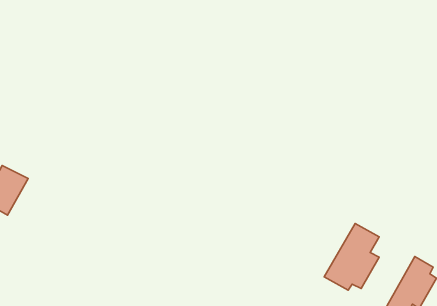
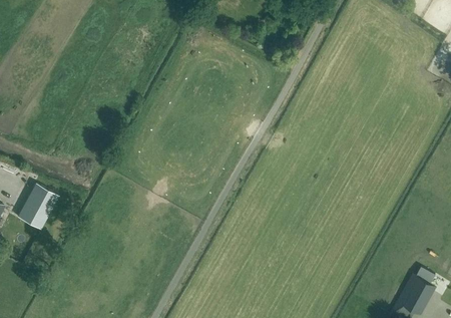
building: [324,224,379,290] -> none

